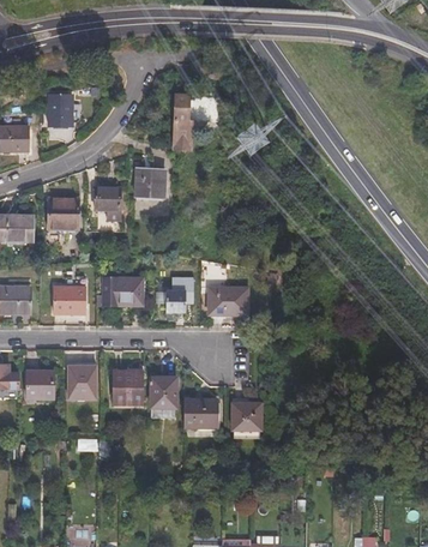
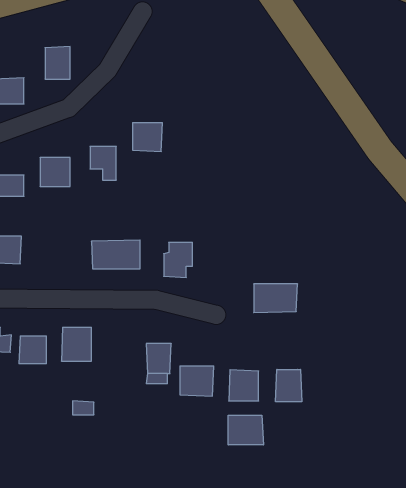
building: [173,94,191,149] -> none
building: [55,288,89,315] -> none
building: [207,288,249,315] -> [254,284,298,313]
building: [114,371,144,403] -> none
building: none -> [276,369,302,402]
building: none -> [228,415,263,445]

